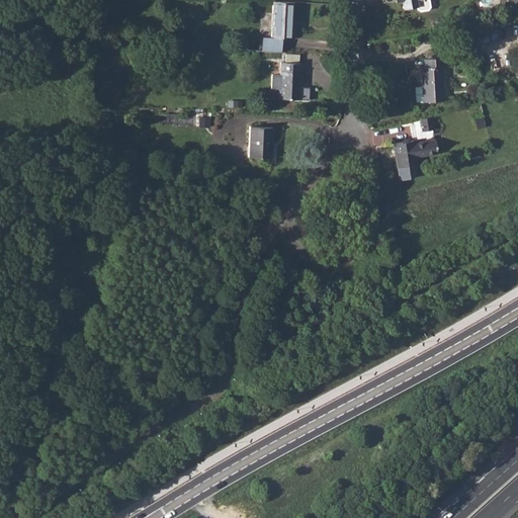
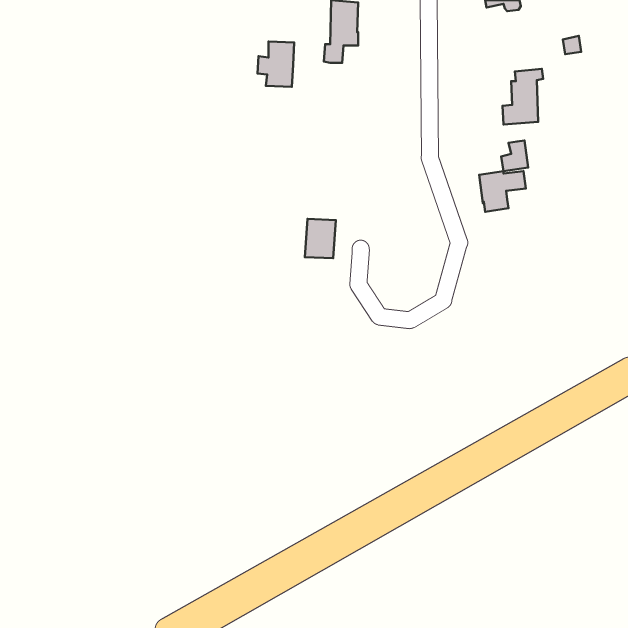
building: [271,63,301,100] -> [257,41,294,87]
building: [248,126,273,159] -> [305,219,336,258]

